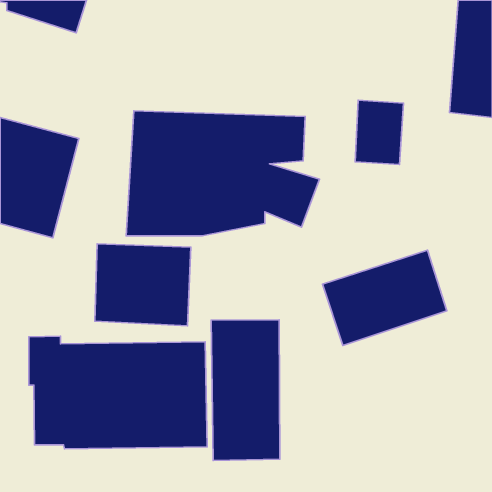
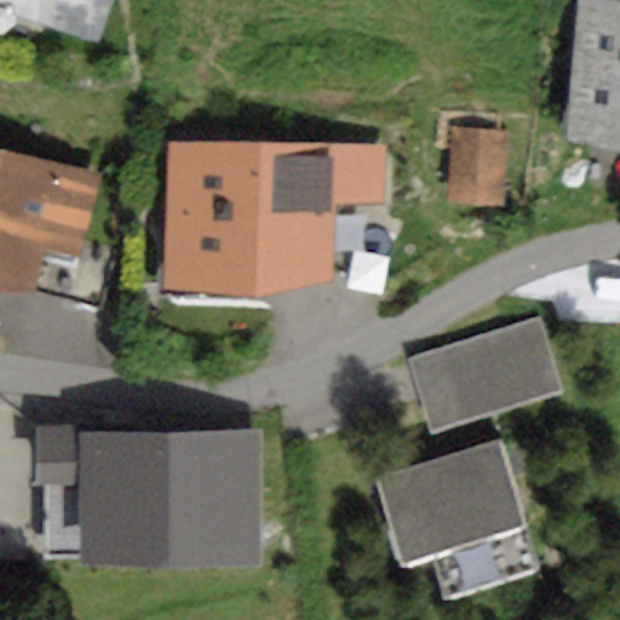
building: [95,244,191,326] -> none
building: [211,320,280,460] -> none
building: none -> [372,436,542,597]

